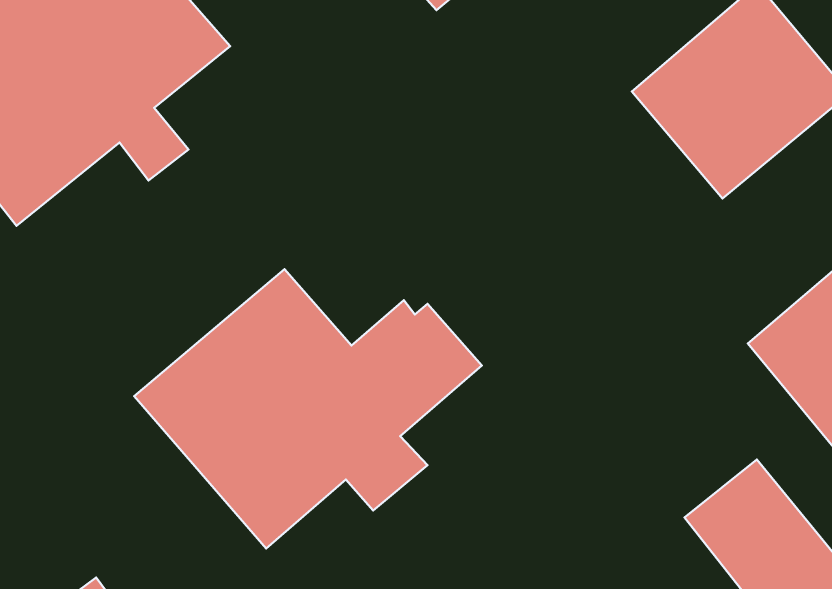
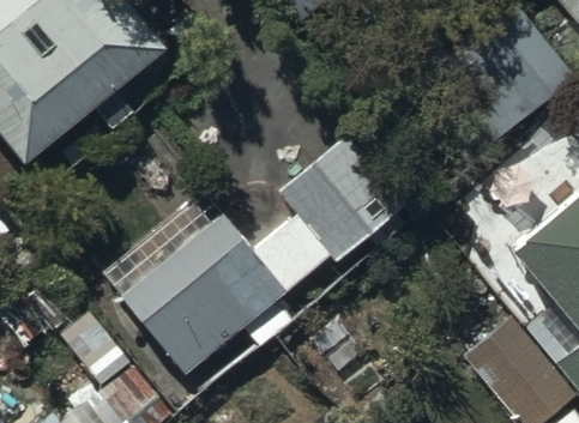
building: none -> [277,133,409,265]

